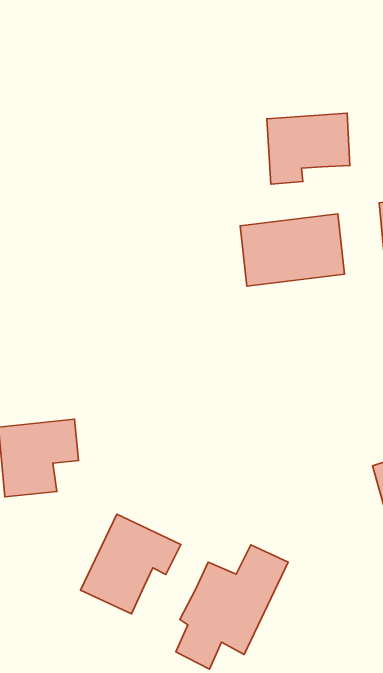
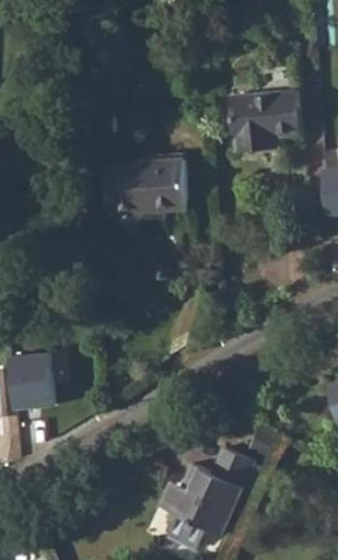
building: [240,214,344,286] -> [102,163,187,222]
building: [80,514,181,614] -> none

